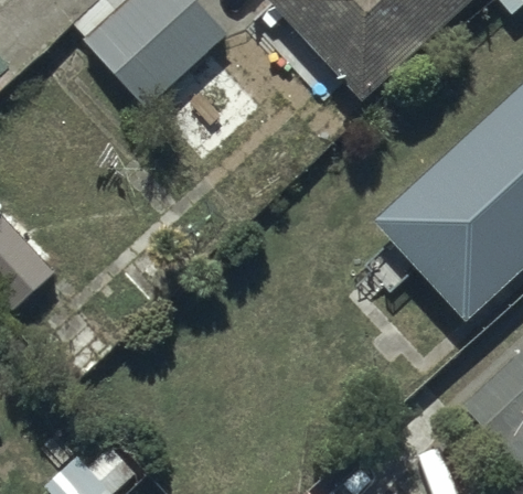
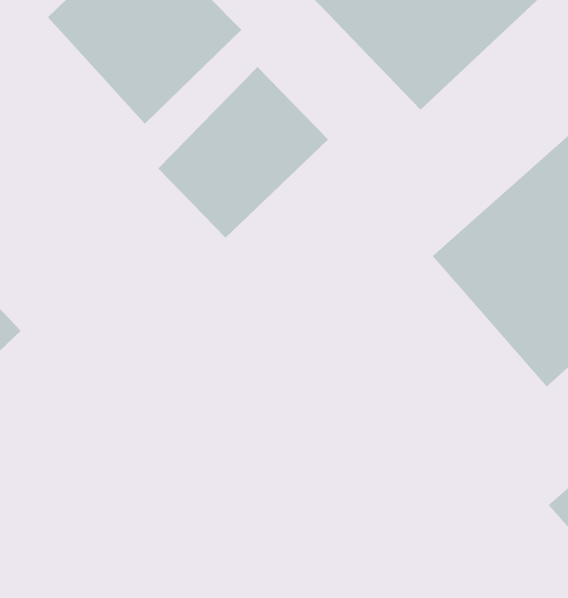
building: none -> [157,66,329,238]

